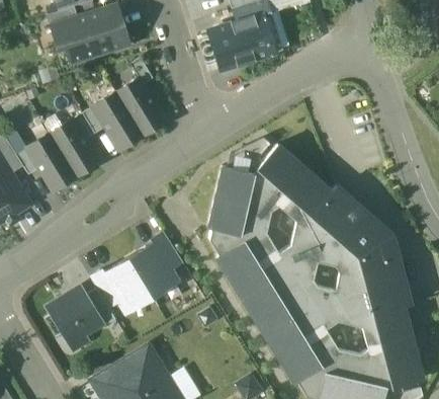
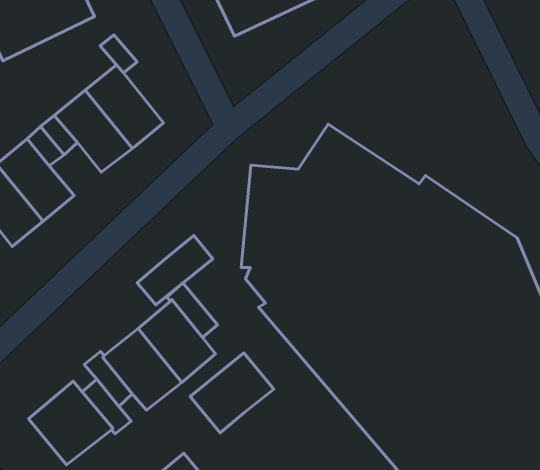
building: none -> [137,235,213,305]
building: none -> [190,353,274,433]

